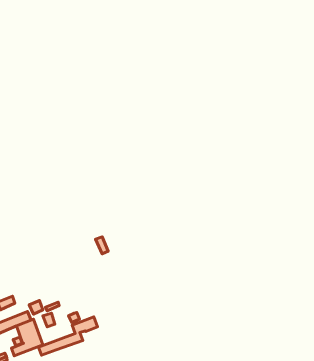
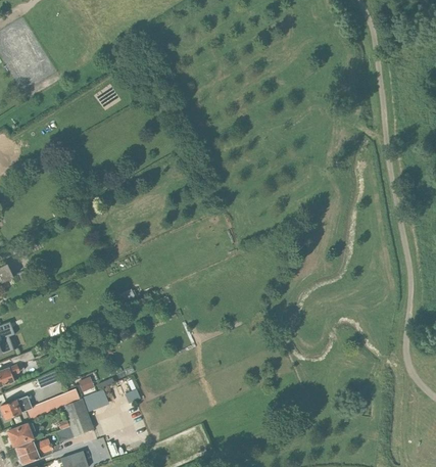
building: [38,317,97,355] -> none

